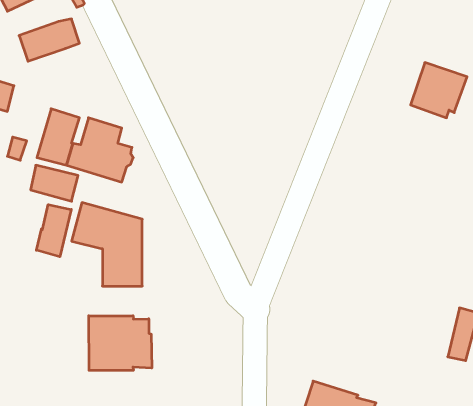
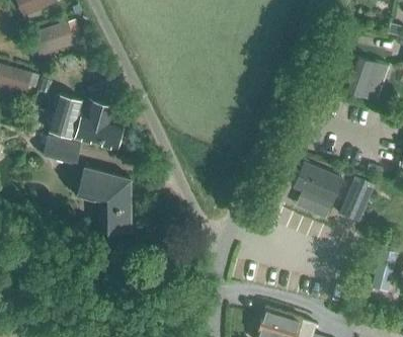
building: none -> [293,162,342,209]
building: [36,205,71,257] -> none
building: none -> [339,176,374,222]
building: [89,316,152,370] -> none

